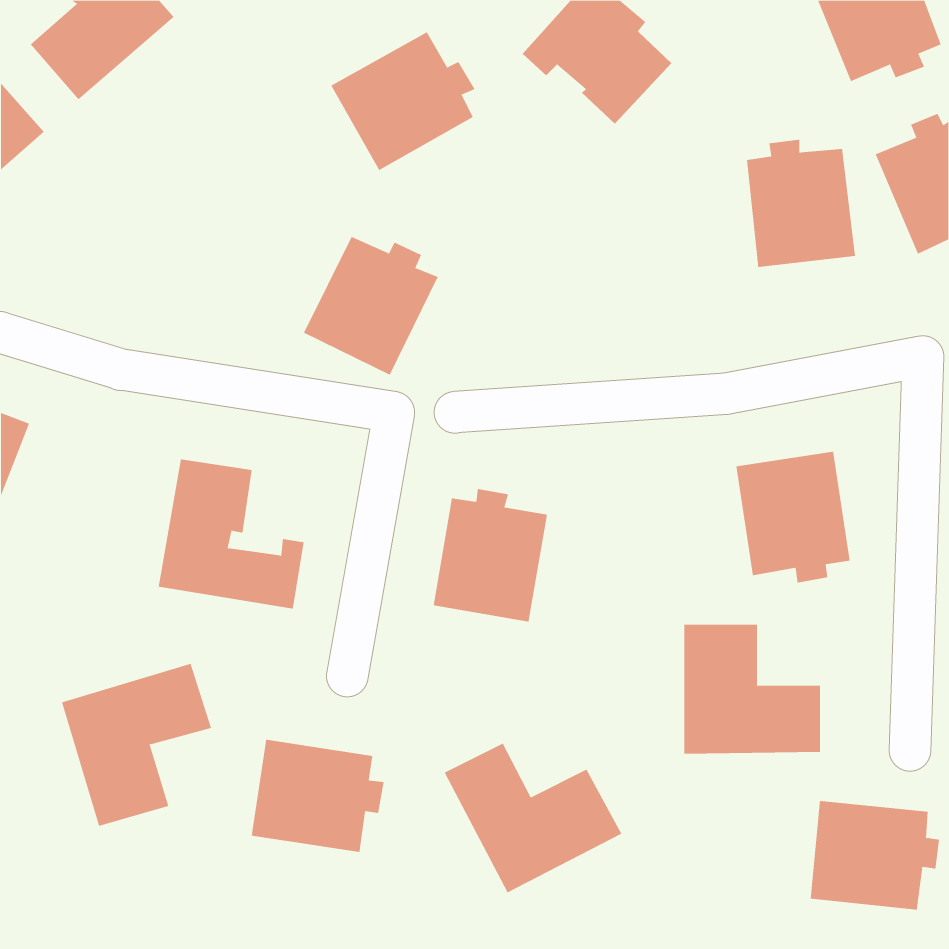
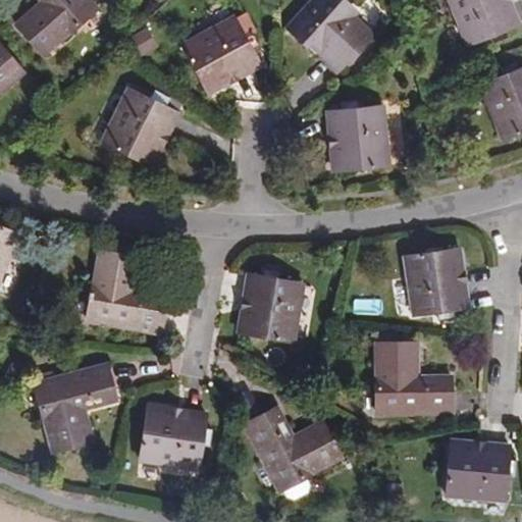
building: [746,139,856,267] -> [327,100,387,170]
building: [303,236,439,375] -> [103,89,177,165]

